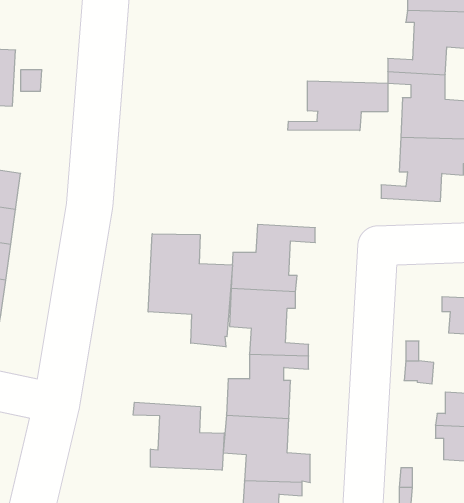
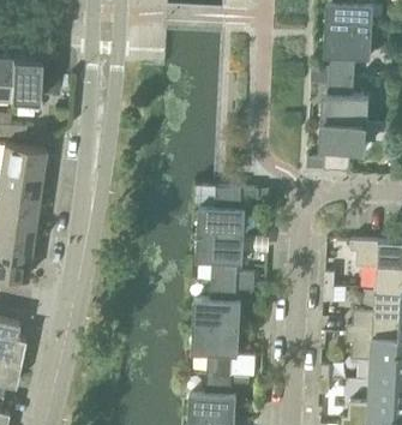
building: [288,81,388,131] -> none
building: [148,234,232,347] -> none
building: [133,402,224,470] -> none

